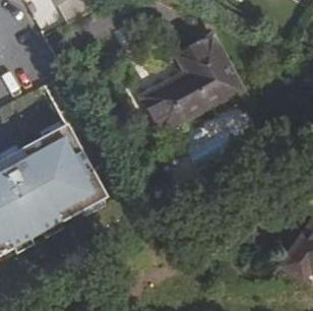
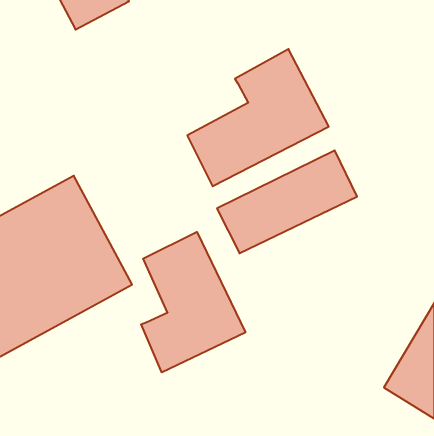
building: none -> [141,232,245,372]

